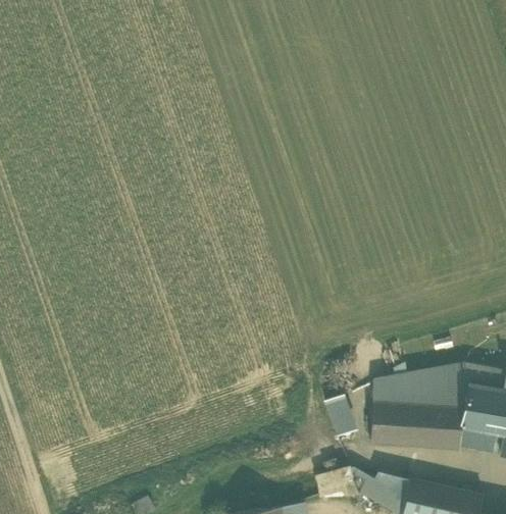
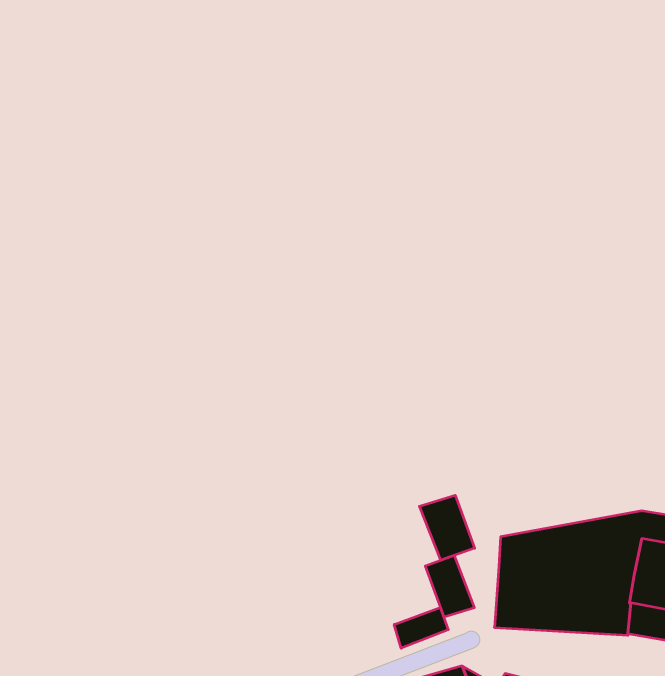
building: none -> [419,495,475,560]
building: none -> [394,607,448,648]

